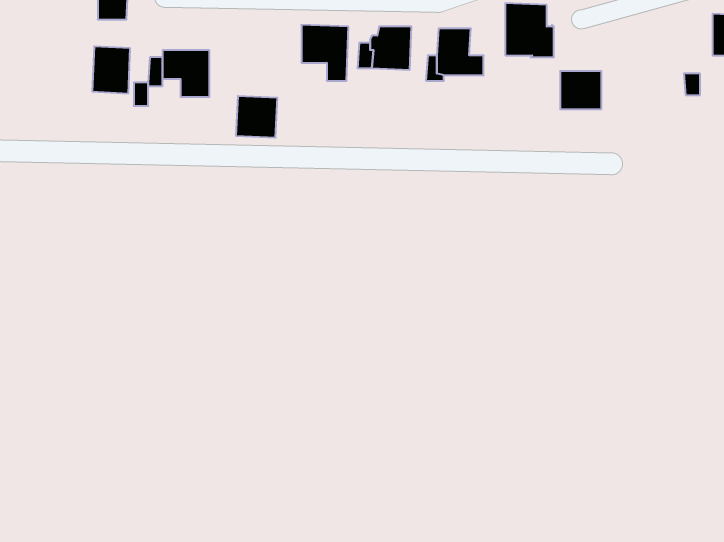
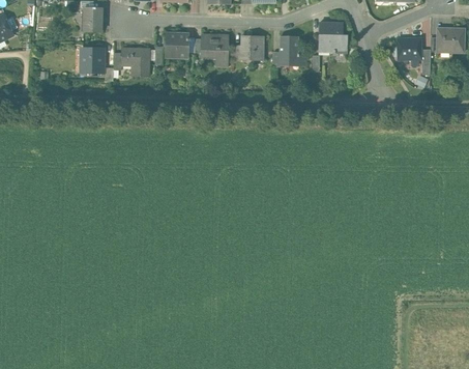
building: [560,71,601,109] -> [397,38,420,60]
building: [236,96,277,138] -> [165,33,188,57]

